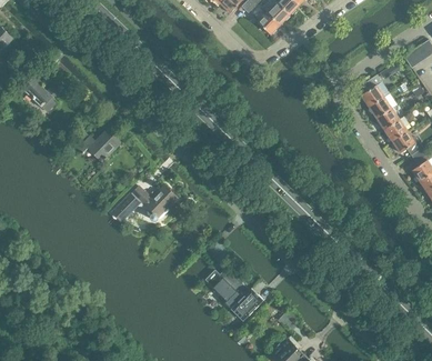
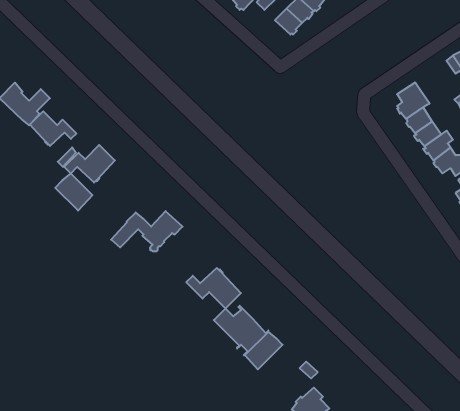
building: none -> [30,111,76,146]
building: none -> [55,173,92,211]
building: none -> [186,268,241,308]

